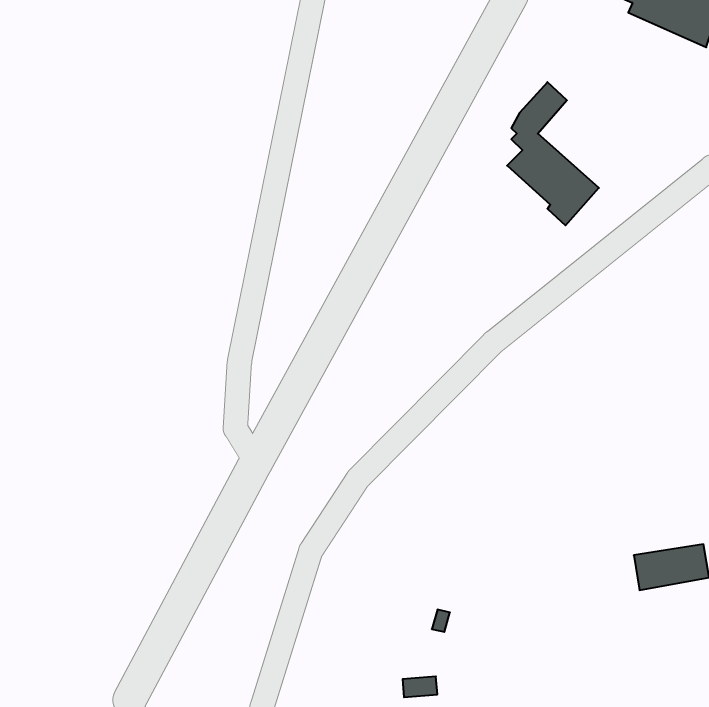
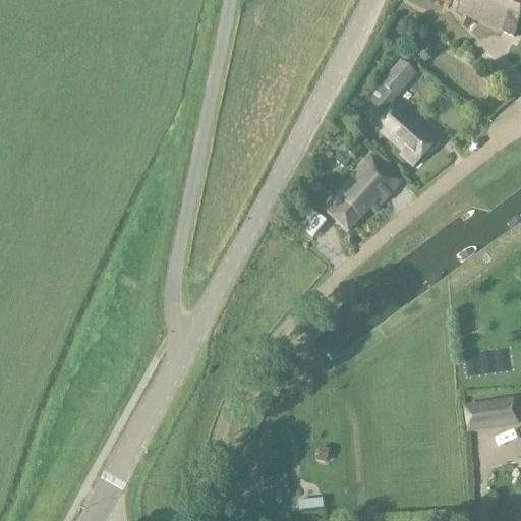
building: none -> [323,154,402,229]

